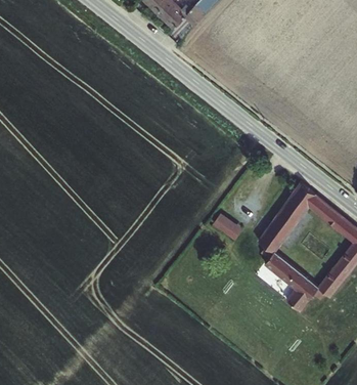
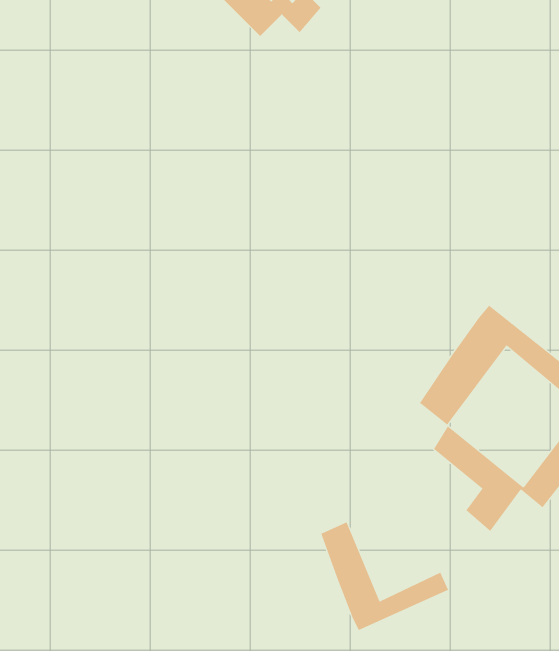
building: [214,212,243,240] -> none
building: none -> [320,521,449,631]

